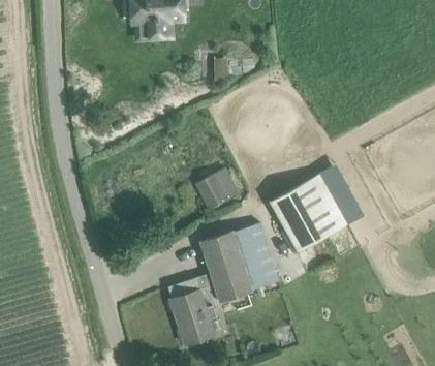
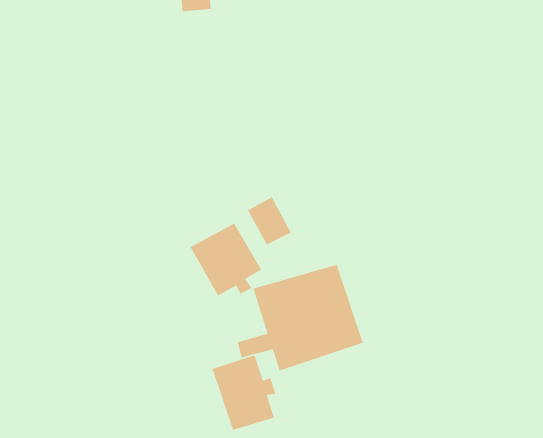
building: [267,169,352,253] -> none
building: none -> [190,222,262,297]

